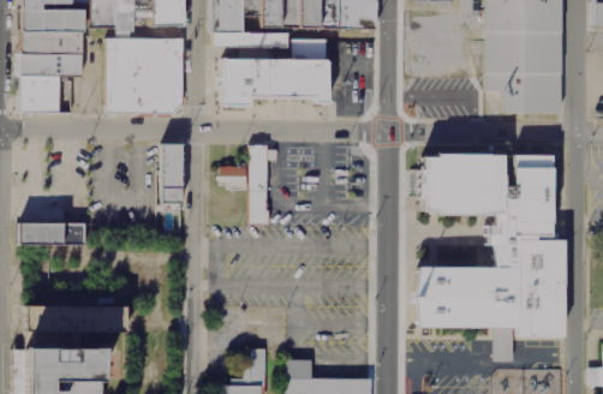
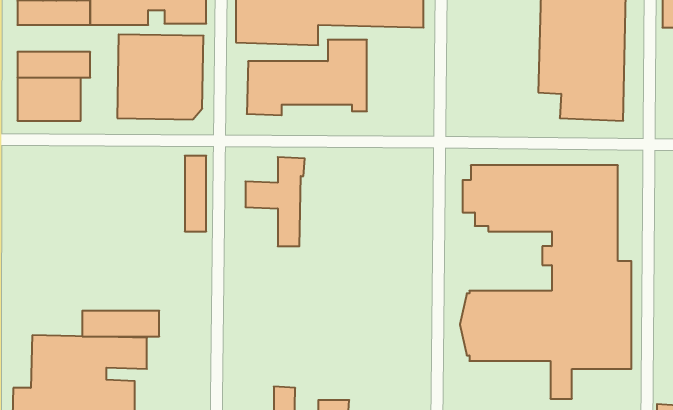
building: [18,26,83,50] -> none
building: [19,222,88,245] -> [82,311,159,336]

